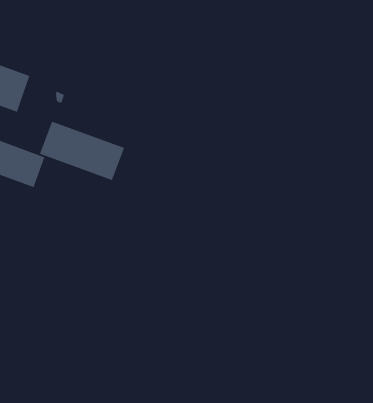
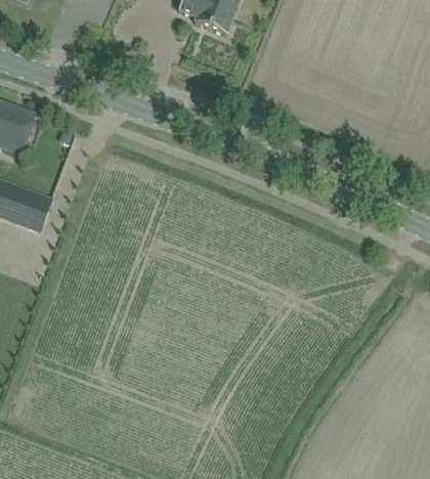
building: [39,121,125,181] -> none

